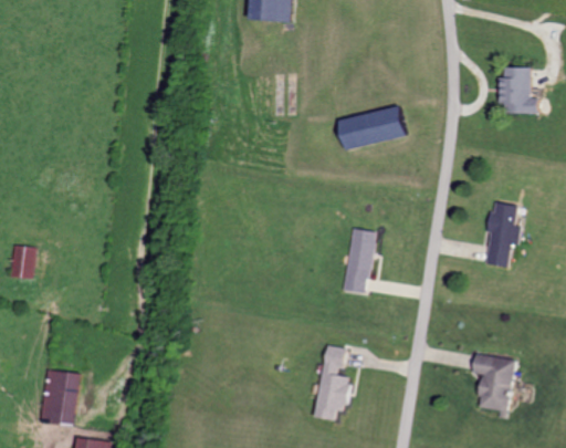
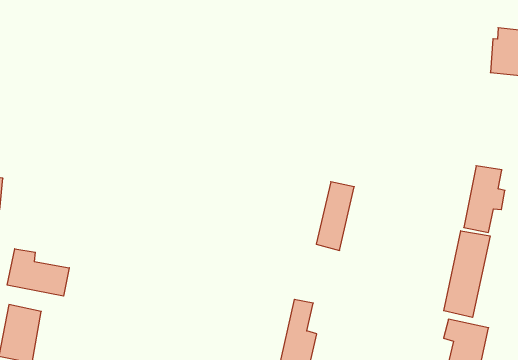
building: [339,105,406,149] -> none
building: none -> [444,231,490,317]
building: none -> [7,249,69,296]

